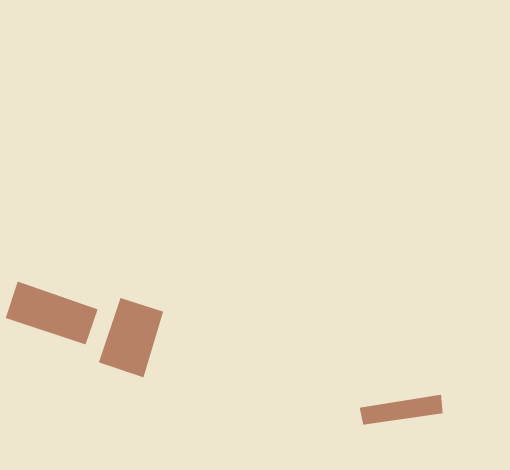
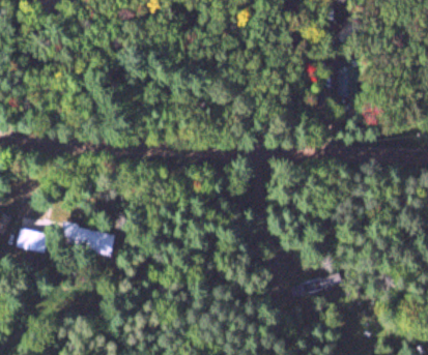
building: [98,297,164,378] -> none

